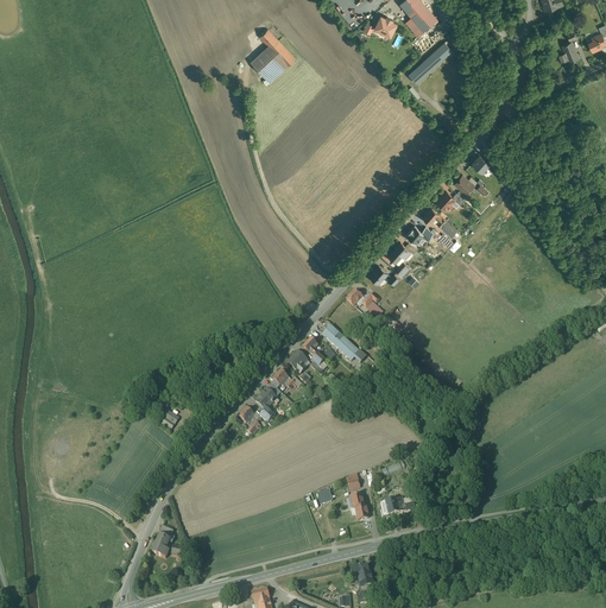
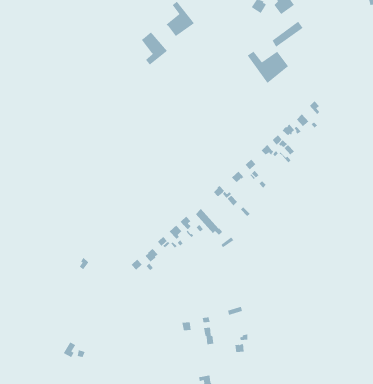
building: none -> [141,32,168,66]
building: none -> [247,51,289,84]

